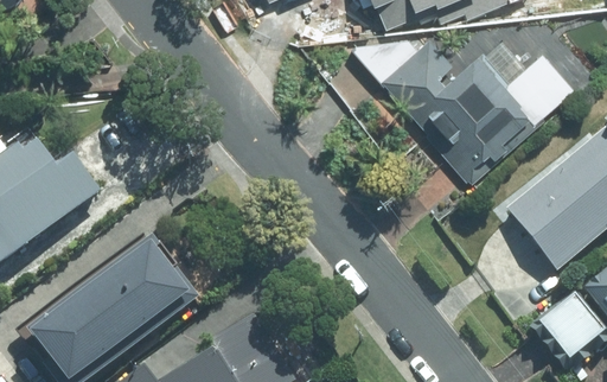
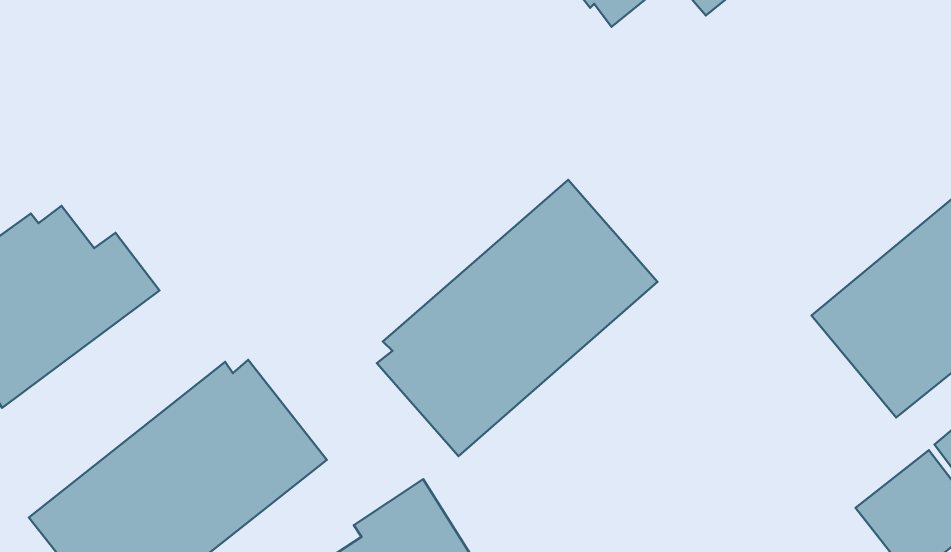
building: [381,37,556,184] -> none
building: none -> [377,180,658,456]

